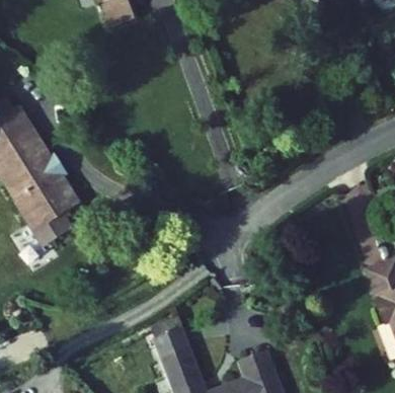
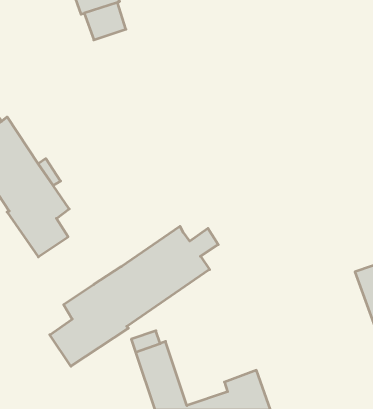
building: none -> [50,226,218,366]

